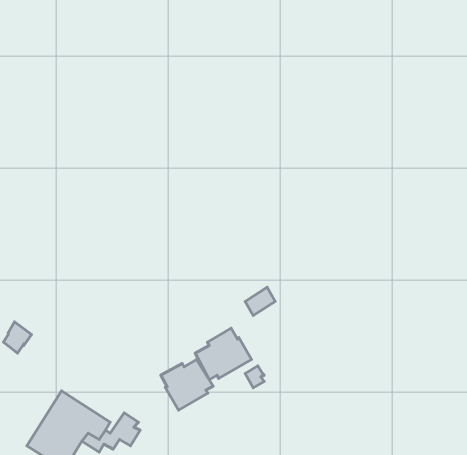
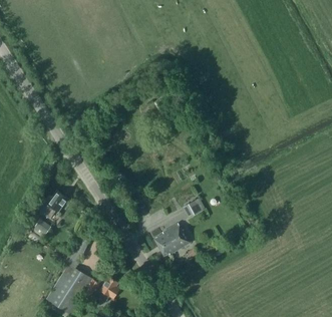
building: none -> [37,191,66,218]
building: [161,359,213,410] -> none

